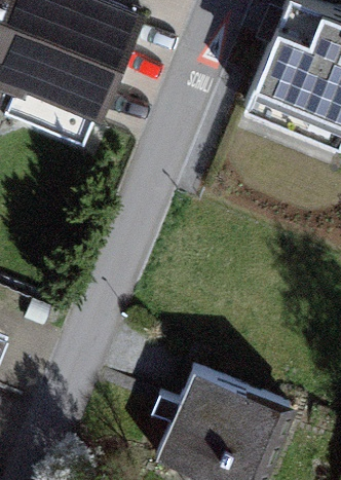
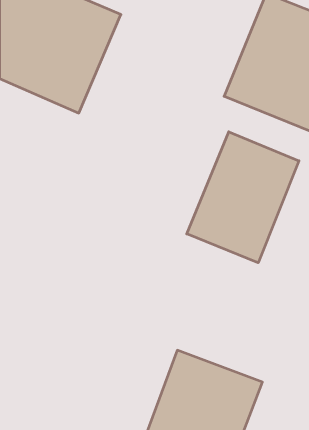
building: none -> [187,132,299,263]

